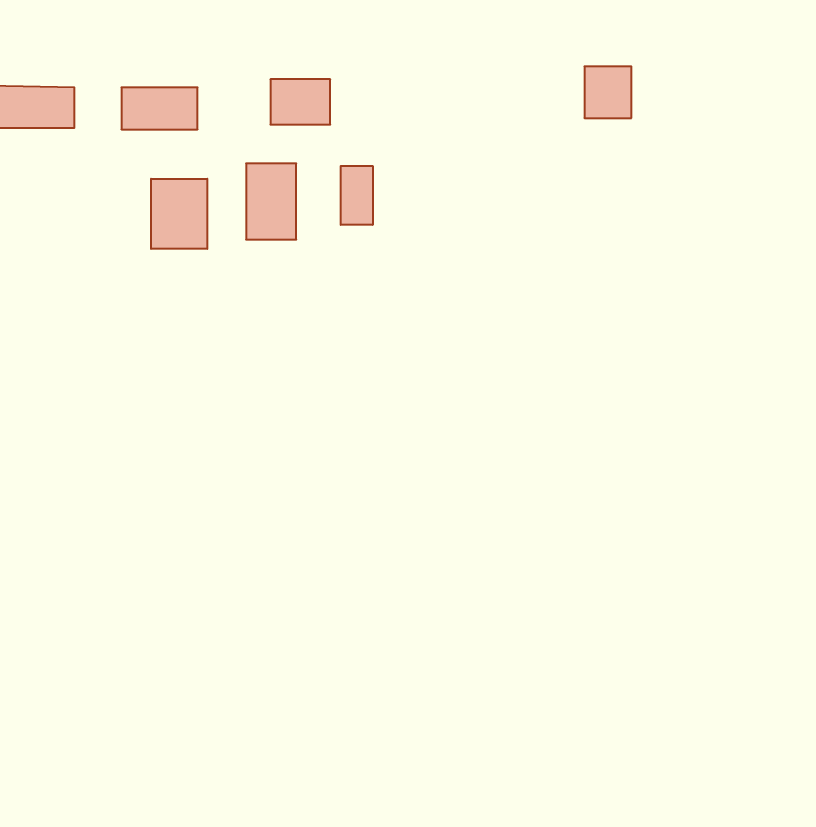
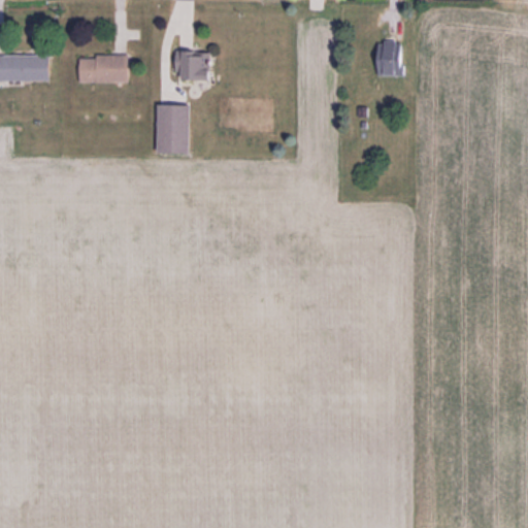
building: [341,166,373,225] -> none
building: [151,179,207,249] -> none

